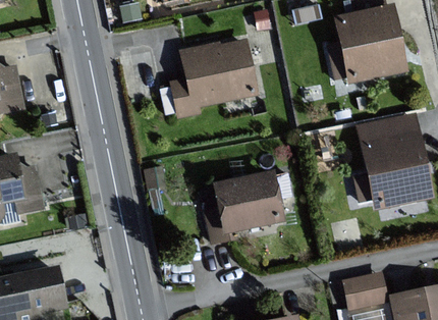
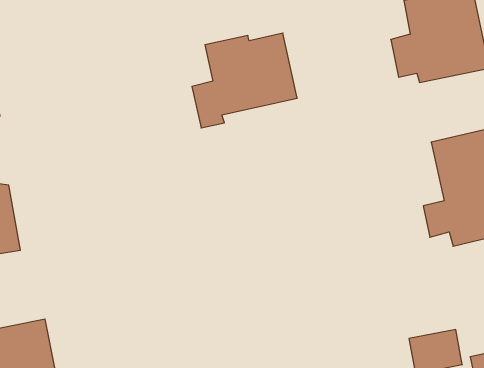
building: [202,171,282,244] -> none

